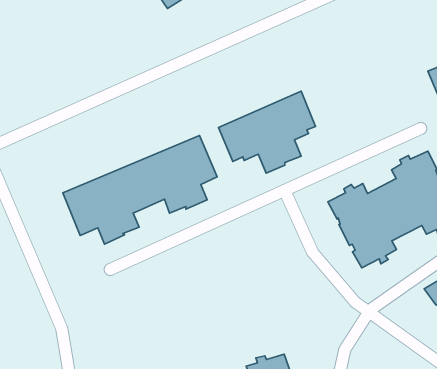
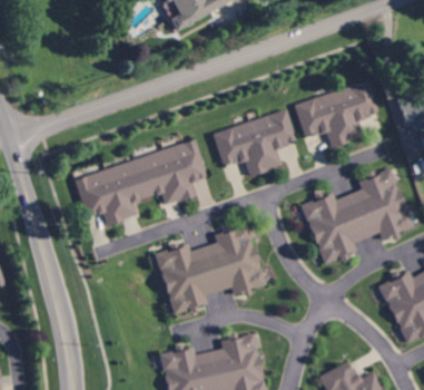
building: none -> [294,81,377,149]
building: none -> [155,224,267,316]

